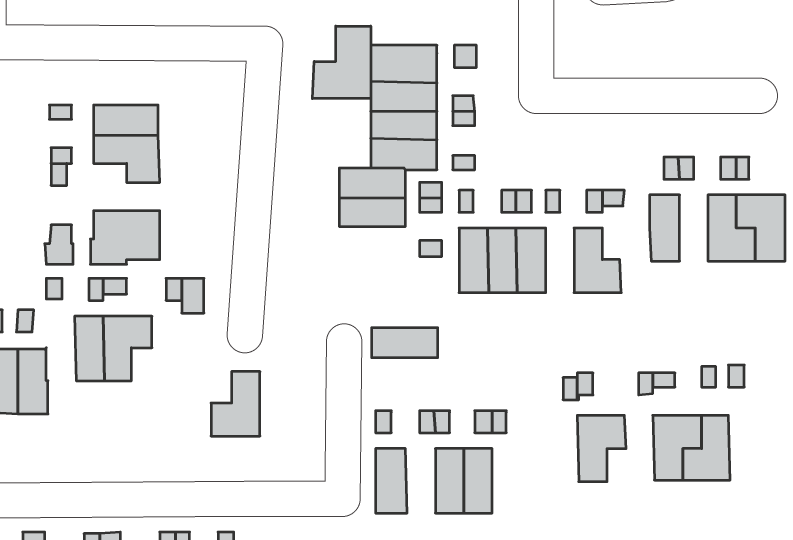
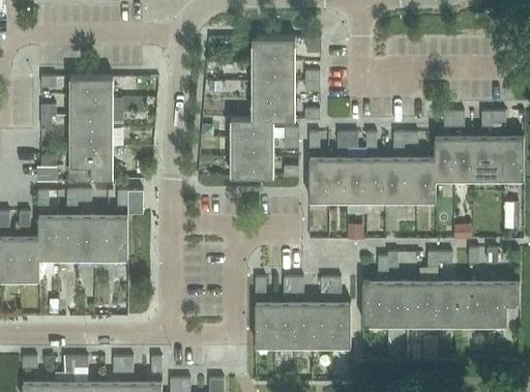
building: [312,26,371,99] -> none
building: none -> [69,117,113,148]
building: none -> [454,138,473,181]
building: none -> [366,159,385,202]
building: none -> [404,159,436,202]
building: none -> [37,217,58,260]
building: [372,328,438,358] -> [231,158,274,178]
building: [211,372,260,436] -> [94,217,126,260]
building: none -> [362,282,388,326]
building: none -> [407,282,438,326]
building: none -> [487,282,520,325]
building: none -> [274,304,294,346]
building: none -> [331,304,351,346]

